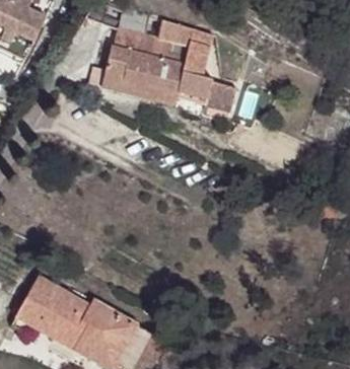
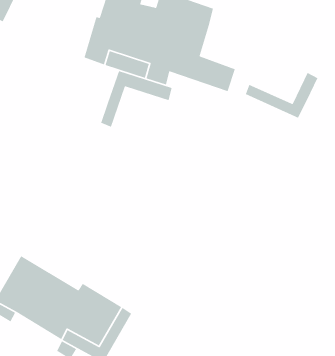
building: none -> [100,70,173,128]
building: none -> [245,72,318,119]

